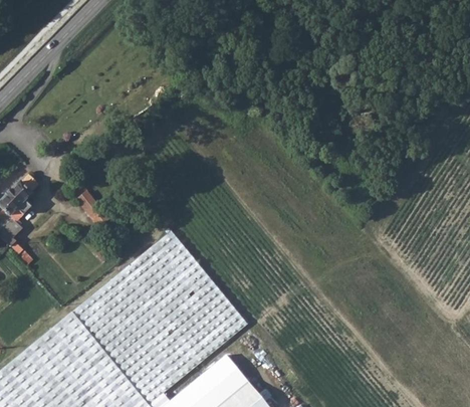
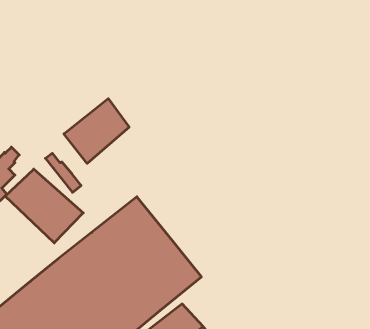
building: none -> [64,99,129,163]
building: none -> [5,169,83,243]

